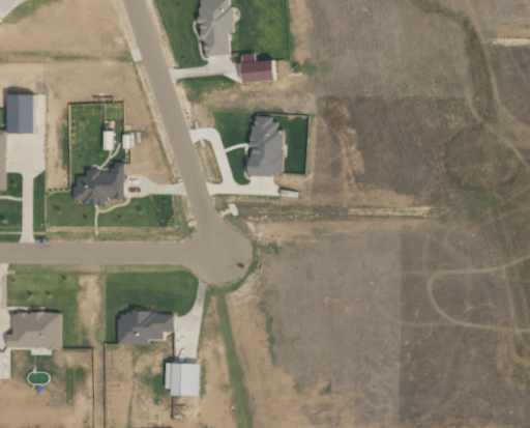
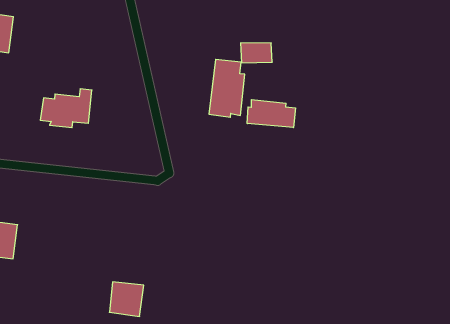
building: [240,59,275,83] -> [241,43,272,63]
building: none -> [247,100,295,128]
building: [118,311,174,344] -> none

